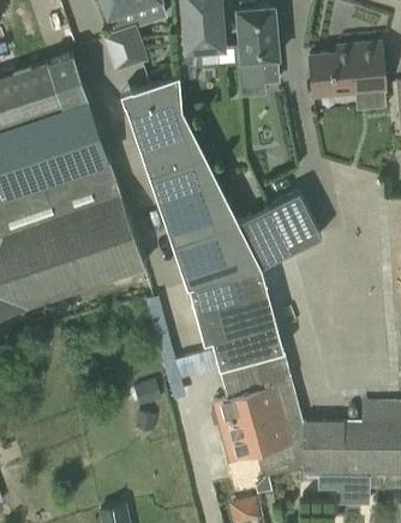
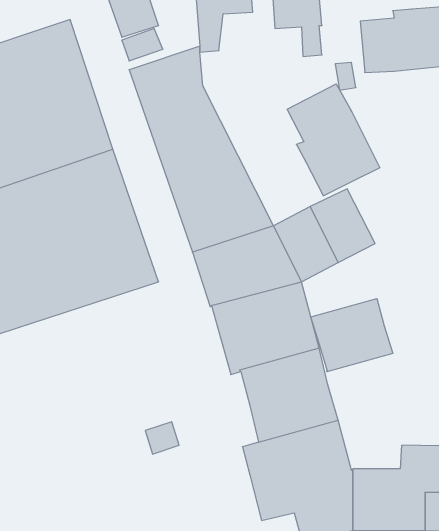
building: none -> [287,84,380,196]
building: none -> [311,299,393,372]

